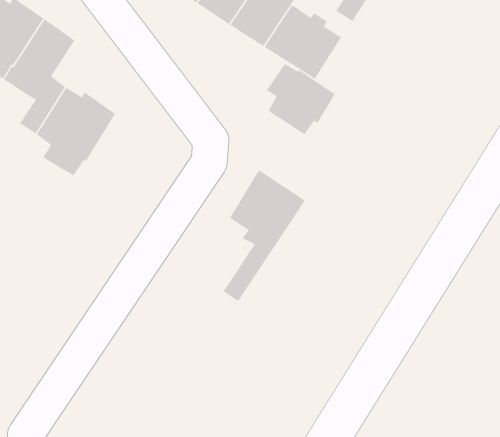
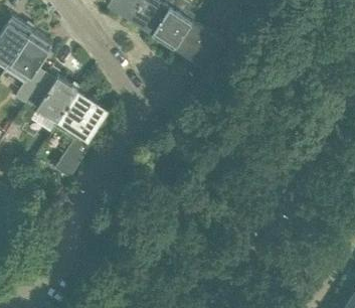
building: [266,63,336,135] -> none
building: [223,169,305,302] -> [54,91,108,176]

